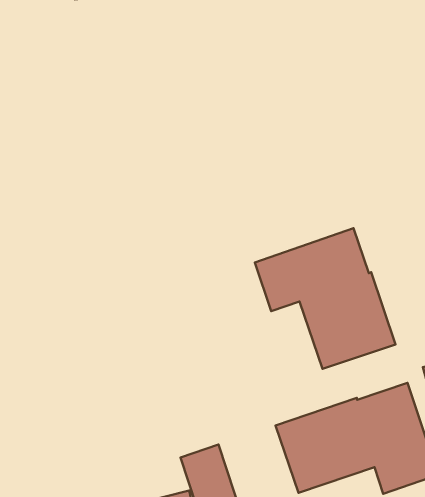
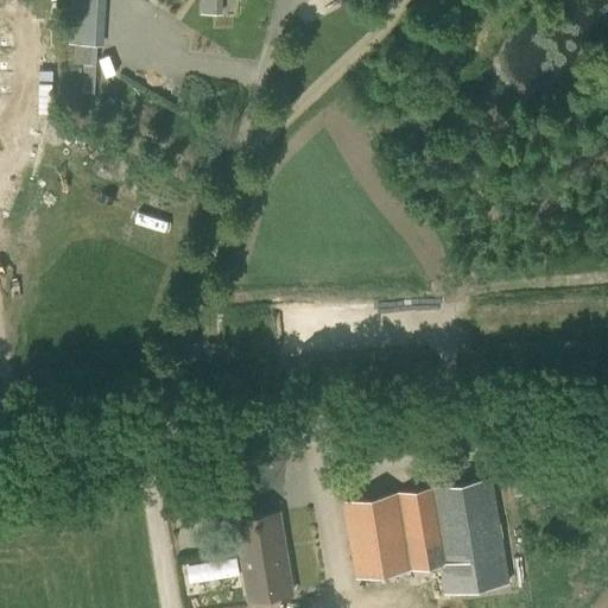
building: [255,228,396,369] -> none

